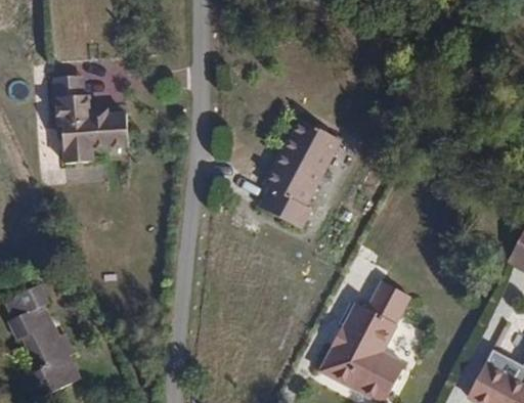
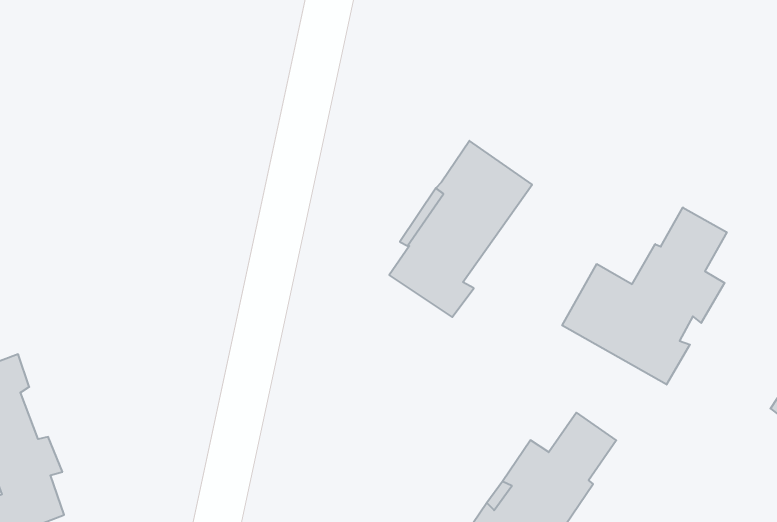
building: [52,92,125,161] -> none
building: none -> [562,207,727,385]

